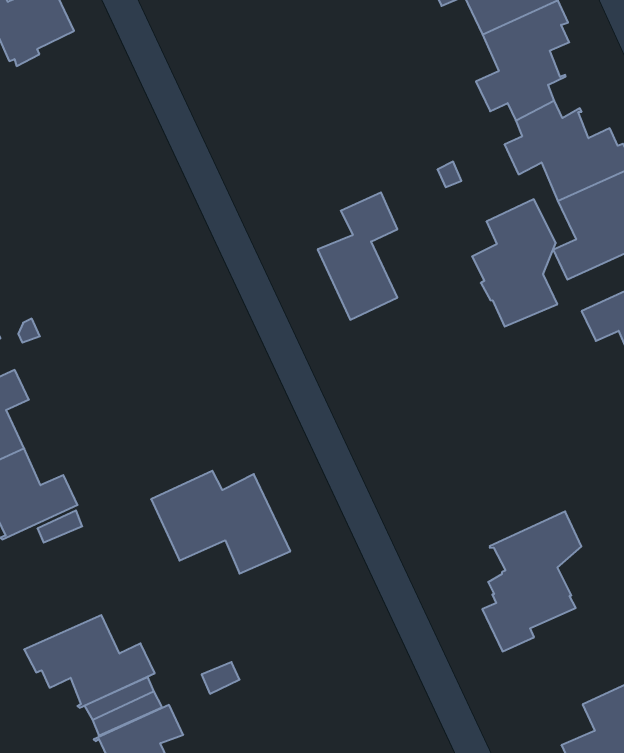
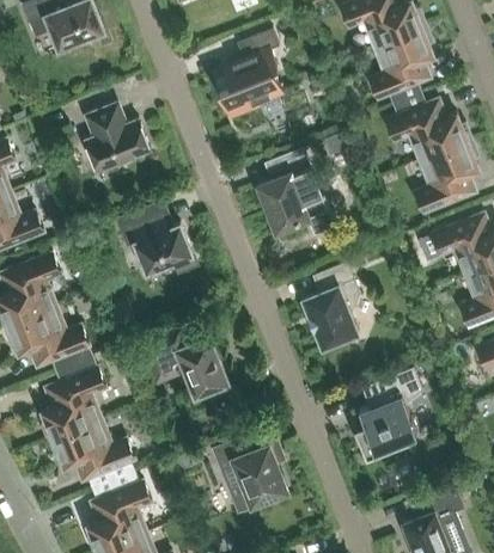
building: none -> [220,30,283,128]
building: none -> [86,105,152,173]
building: [472,199,557,327] -> [304,264,360,348]
building: none -> [117,208,197,275]
building: none -> [43,369,106,441]
building: none -> [218,437,287,510]

